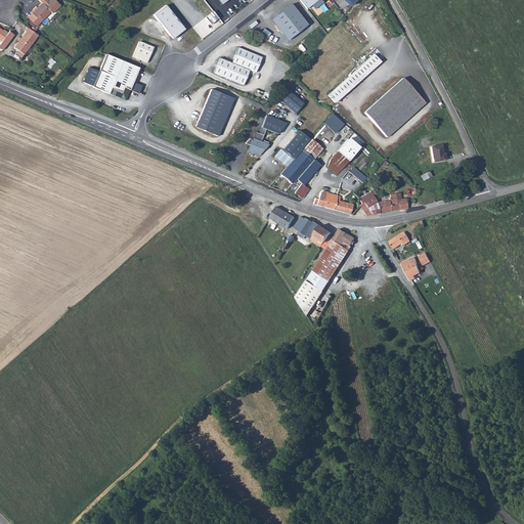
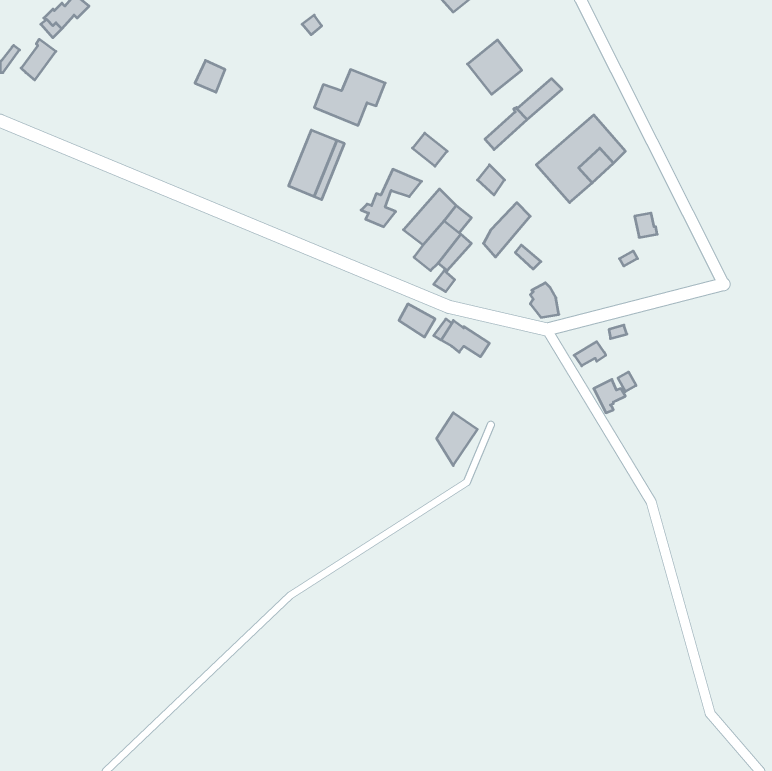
building: [154,4,184,36] -> none
building: [271,4,308,41] -> [467,40,522,94]
building: [92,53,138,99] -> none
building: [313,190,352,213] -> none
building: [377,191,407,213] -> none
building: [307,228,355,291] -> none

